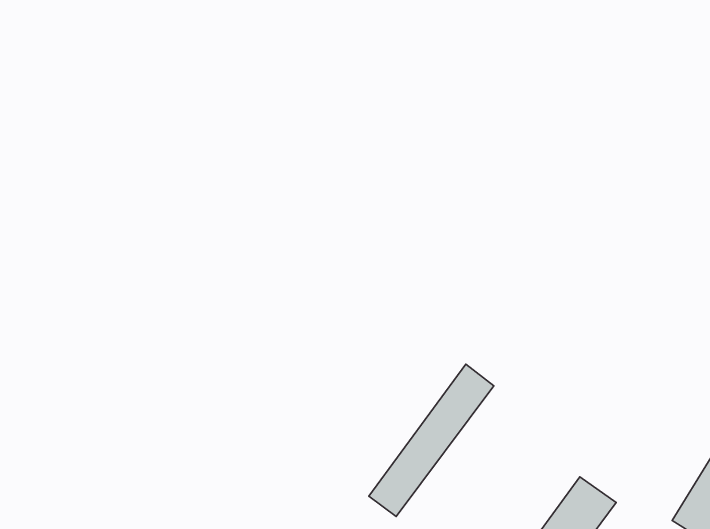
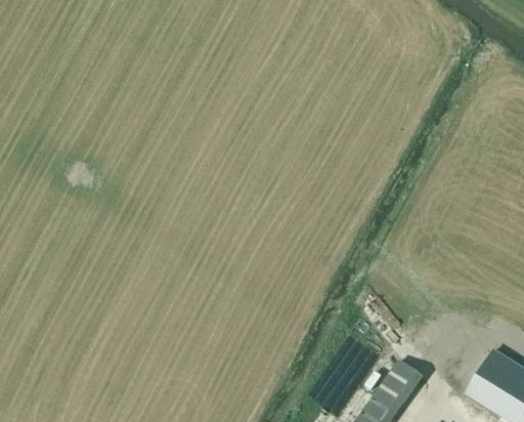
building: [369,364,494,517] -> none

